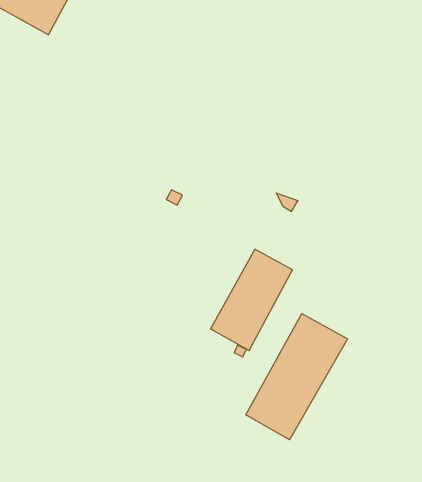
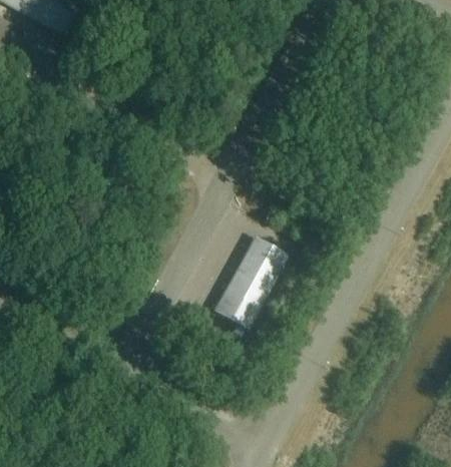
building: [246,314,348,440] -> none

